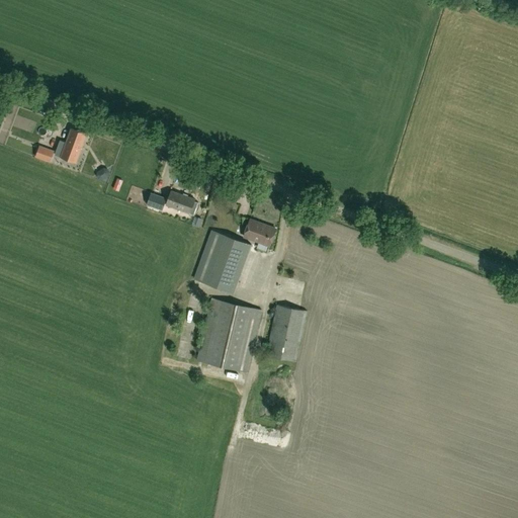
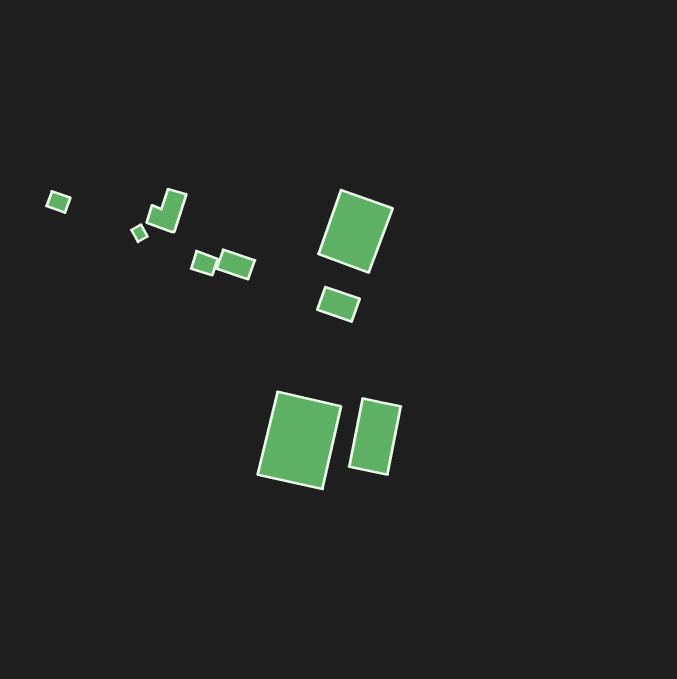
building: [56,128,86,161] -> [147,189,186,232]
building: [193,230,250,292] -> [318,190,393,272]

